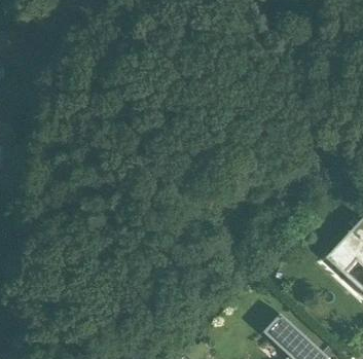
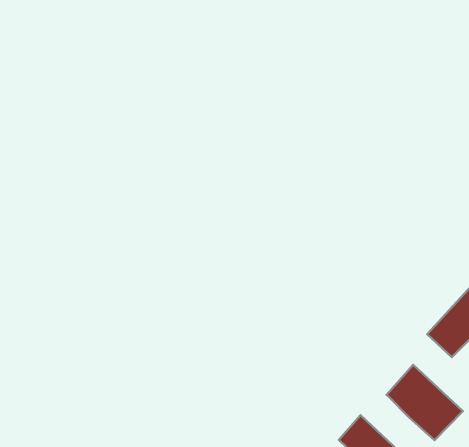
building: none -> [386,365,463,440]

